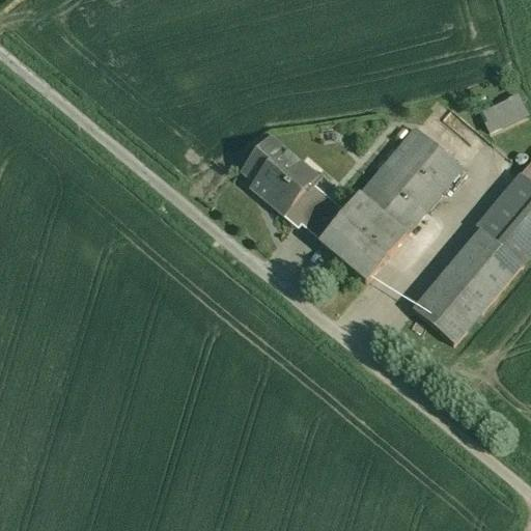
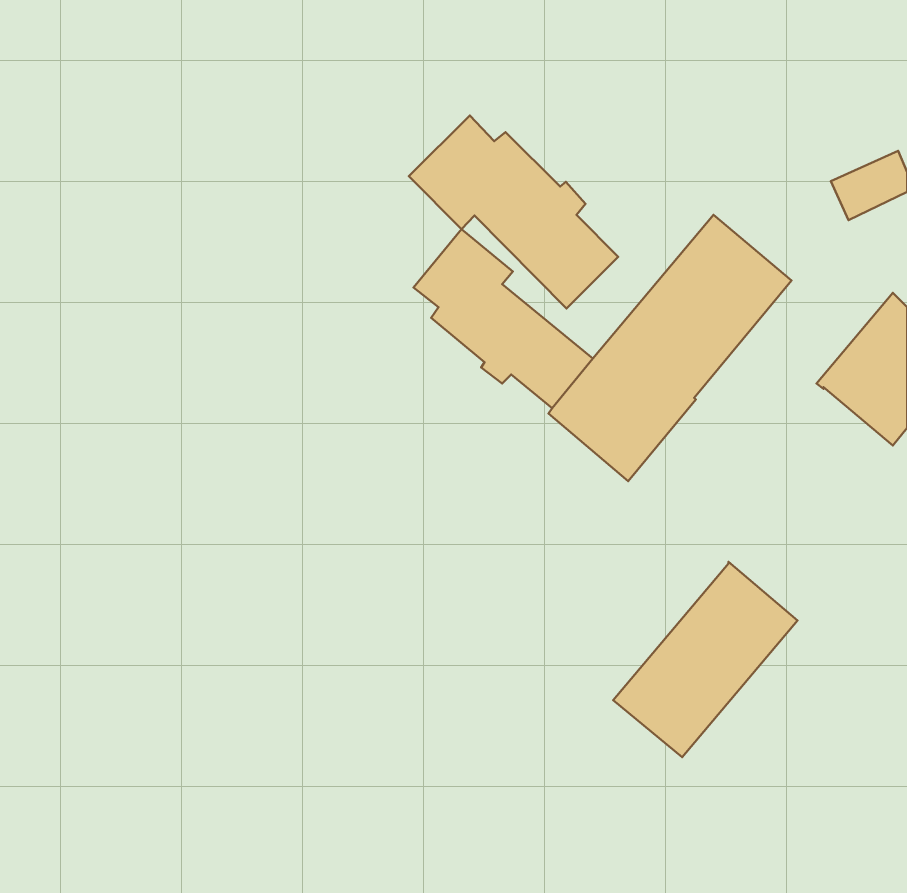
building: none -> [409,116,618,308]
building: [414,226,522,340] -> [613,562,798,757]

